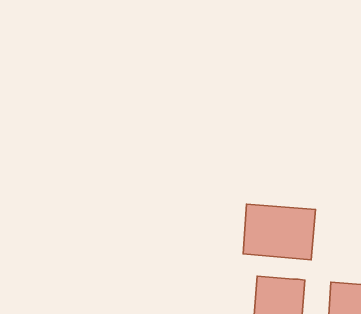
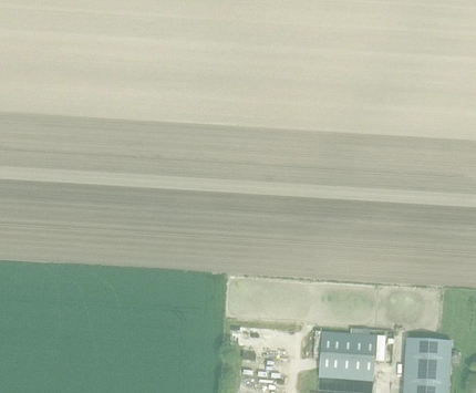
building: [243,204,316,260] -> none

